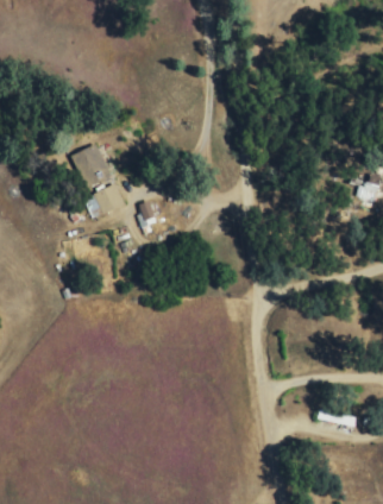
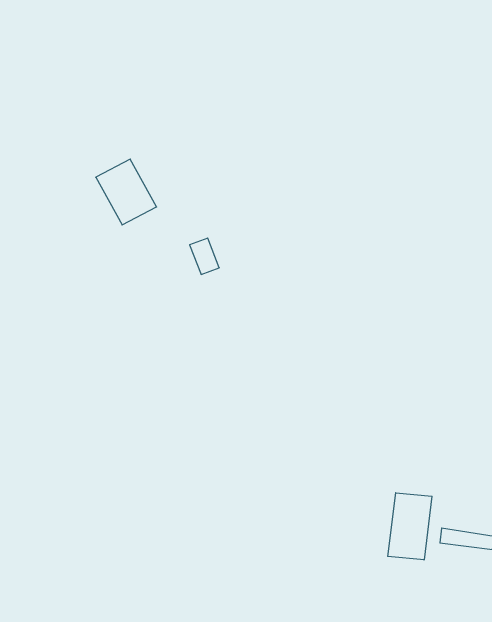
building: none -> [388,493,432,560]

